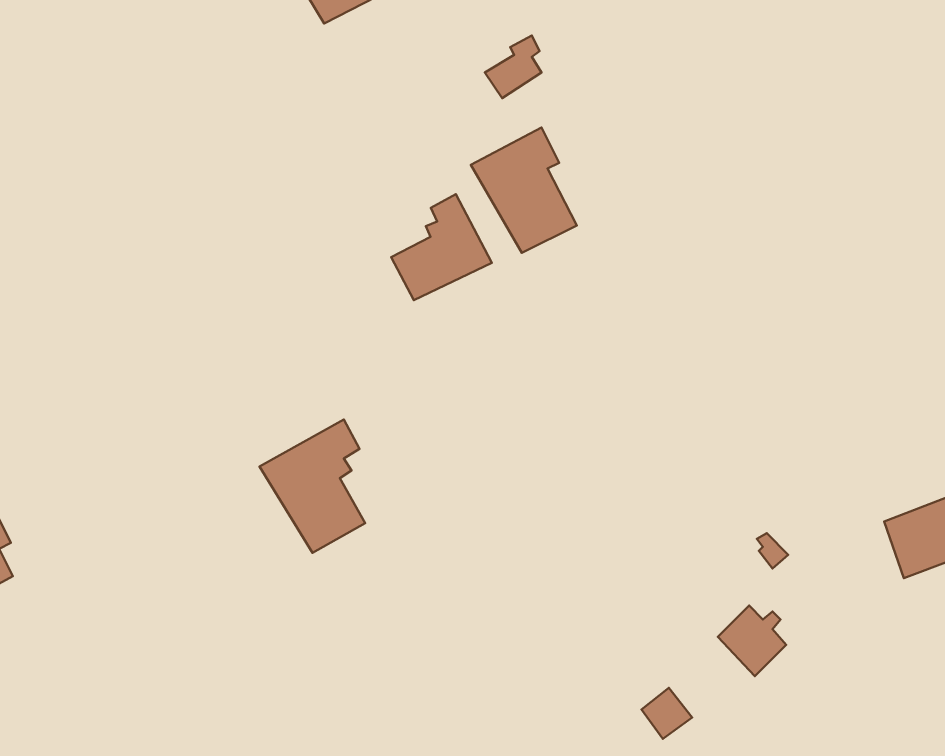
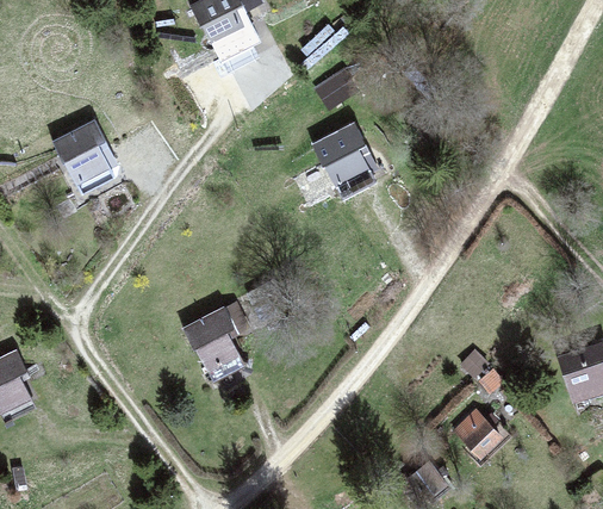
building: none -> [54,120,108,182]
building: [391,194,492,300] -> none

